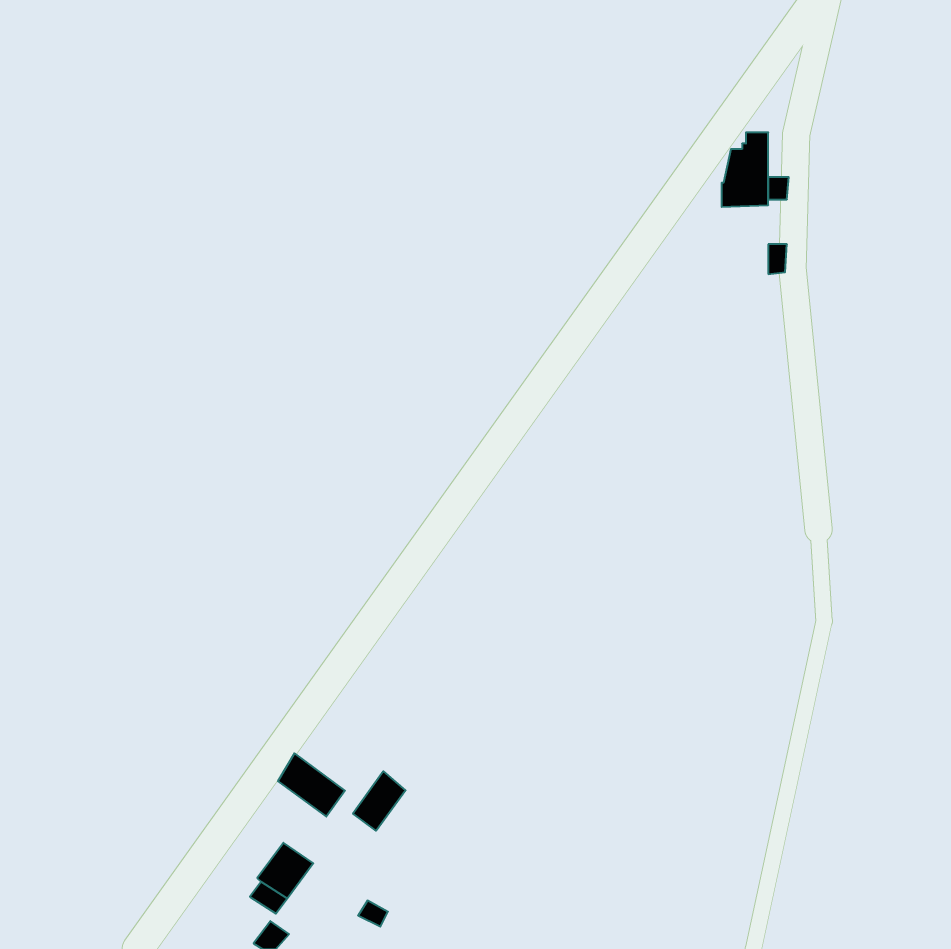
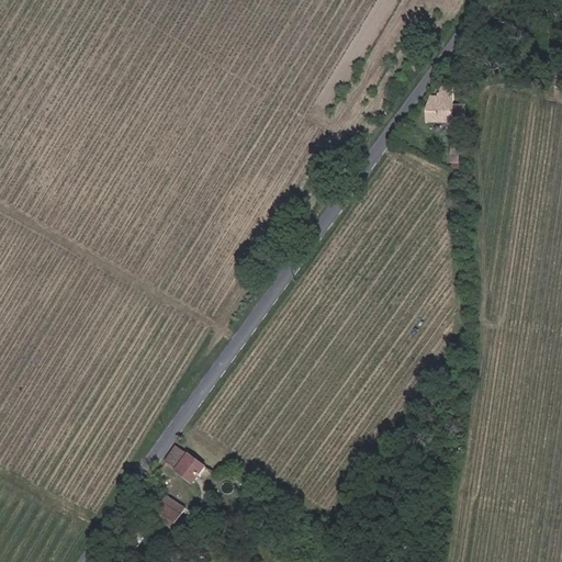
building: [353,771,406,831] -> none

